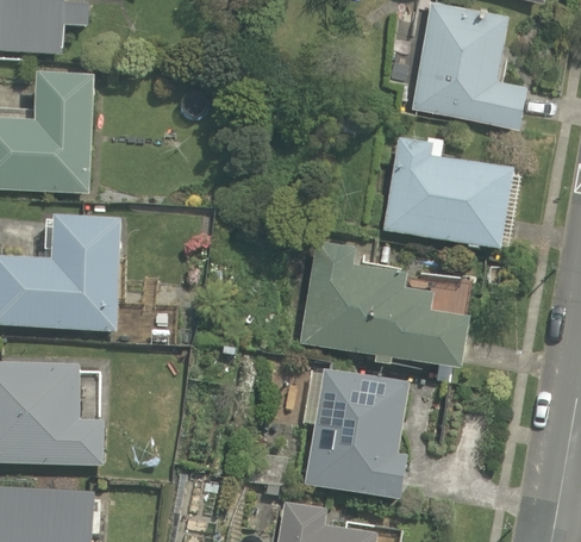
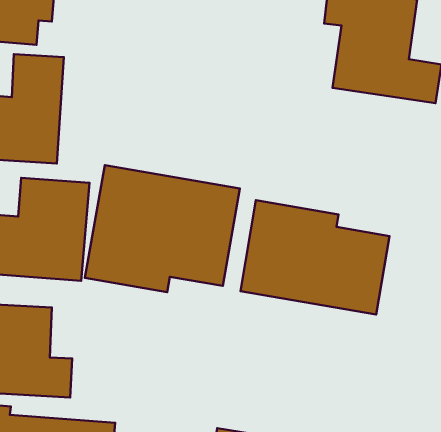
building: [356,120,520,258] -> none
building: none -> [85,165,240,292]
building: [298,372,406,503] -> none

